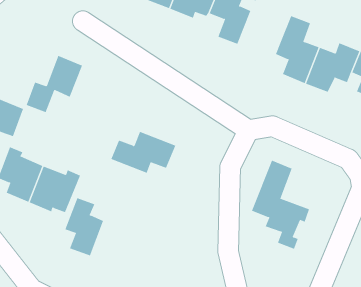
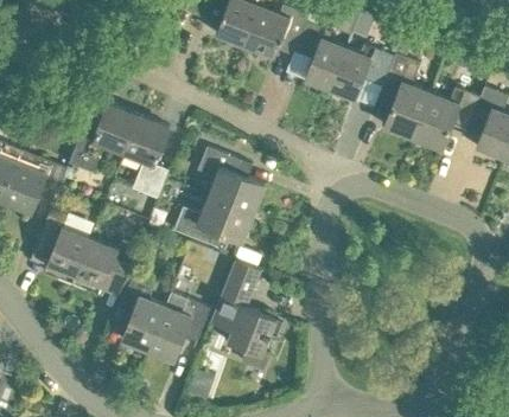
building: none -> [330,44,394,100]
building: none -> [123,115,170,198]
building: none -> [197,146,265,213]
building: [251,160,310,249] -> [210,259,282,370]
building: none -> [148,299,210,360]

